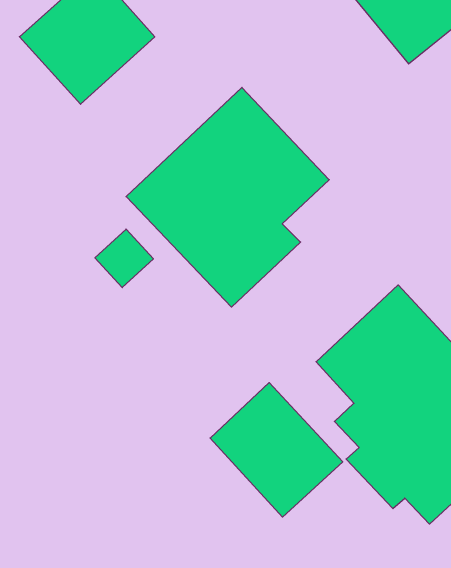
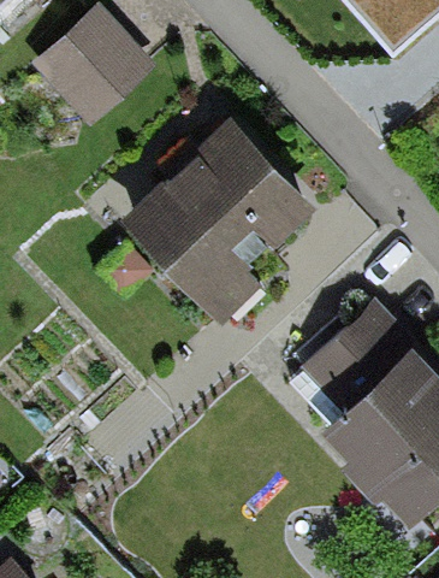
building: [210,383,343,517] -> none

